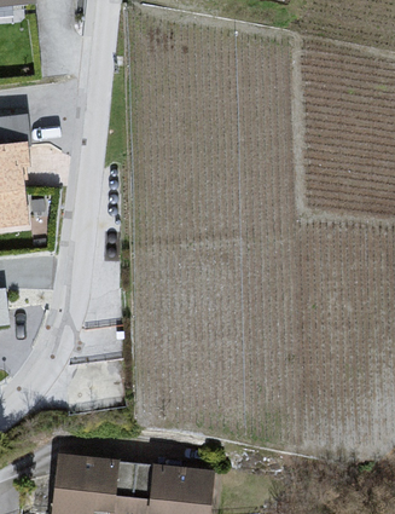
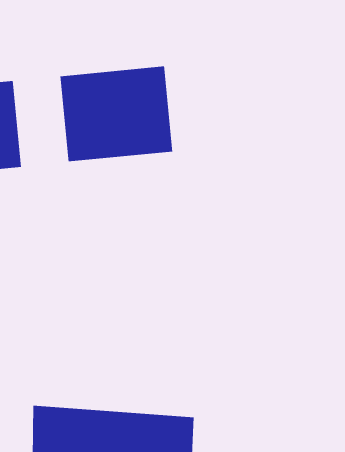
building: none -> [60,66,173,162]

